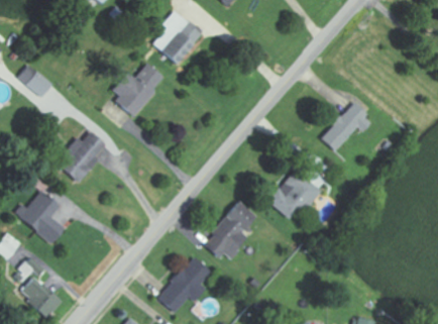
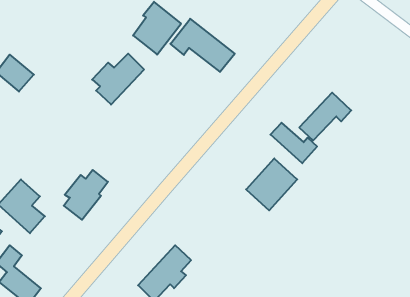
building: none -> [170,19,235,72]
building: [60,131,104,182] -> [64,170,108,220]
building: none -> [270,123,317,163]
building: [204,201,256,258] -> none

